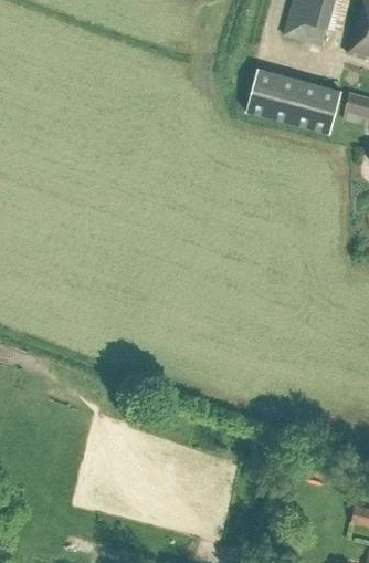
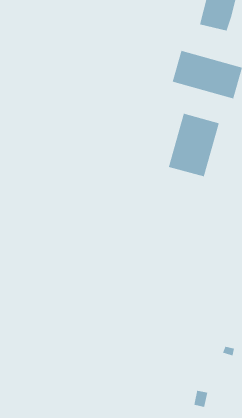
building: none -> [168,113,219,177]

